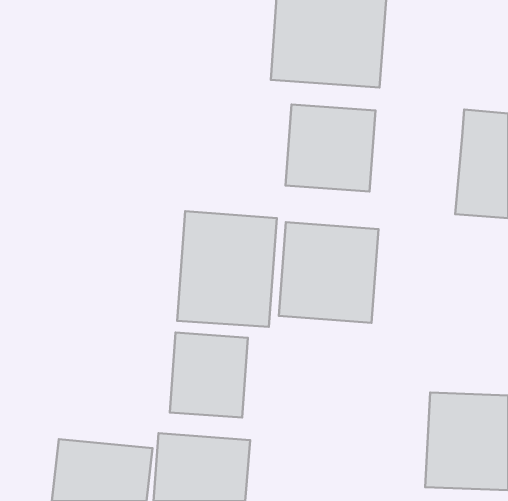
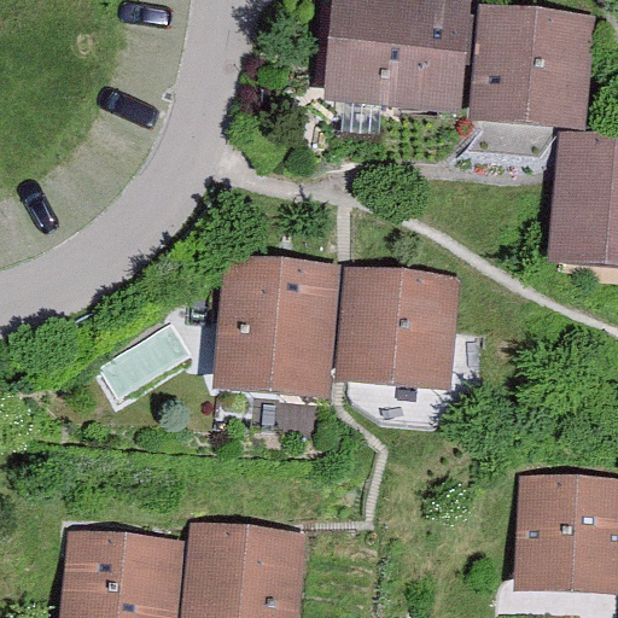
building: none -> [473,5,594,124]
building: [286,104,375,192] -> none
building: [170,333,248,418] -> none

